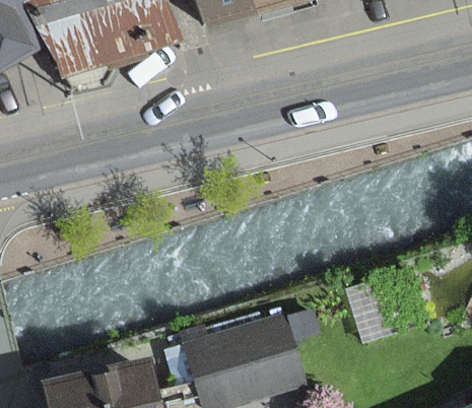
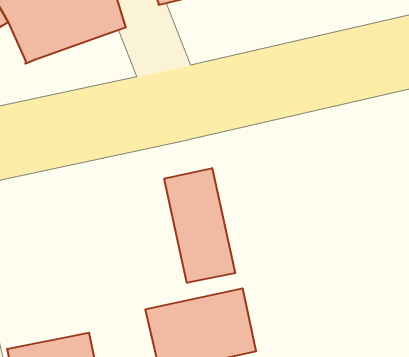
building: none -> [164,168,235,283]

